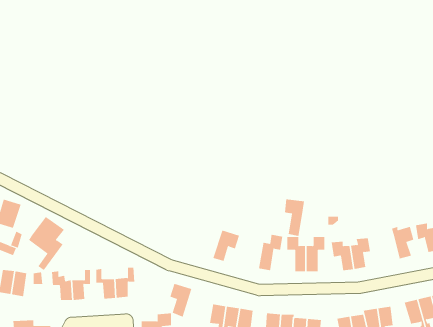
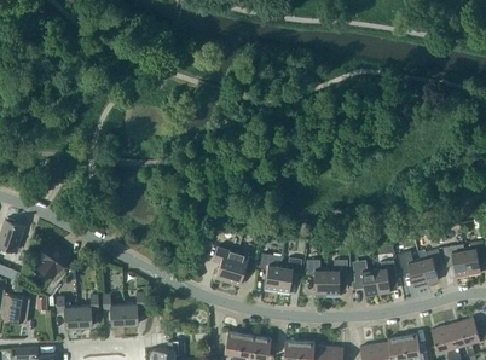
building: [284,199,305,237] -> [260,254,282,294]
building: none -> [397,251,426,288]
building: [169,283,192,317] -> [213,246,237,283]

